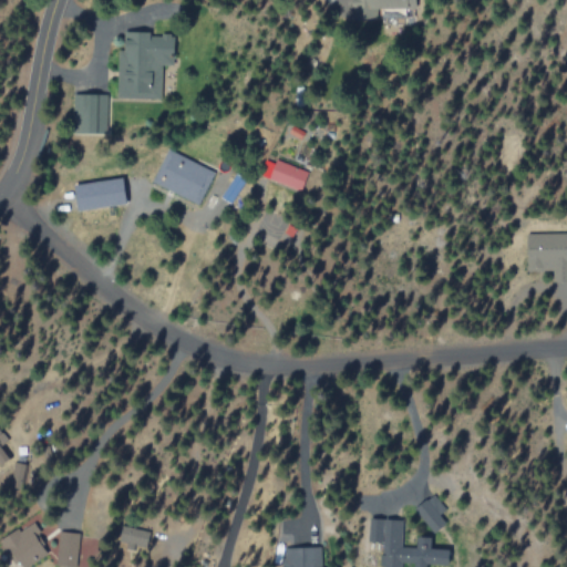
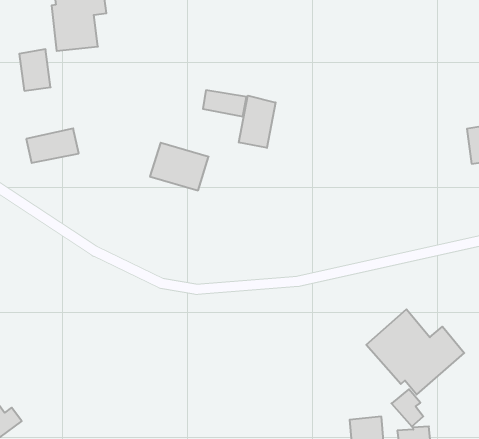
building: [152,151,215,205] -> [150,143,209,190]
building: none -> [239,96,276,148]
building: none -> [366,309,464,395]

